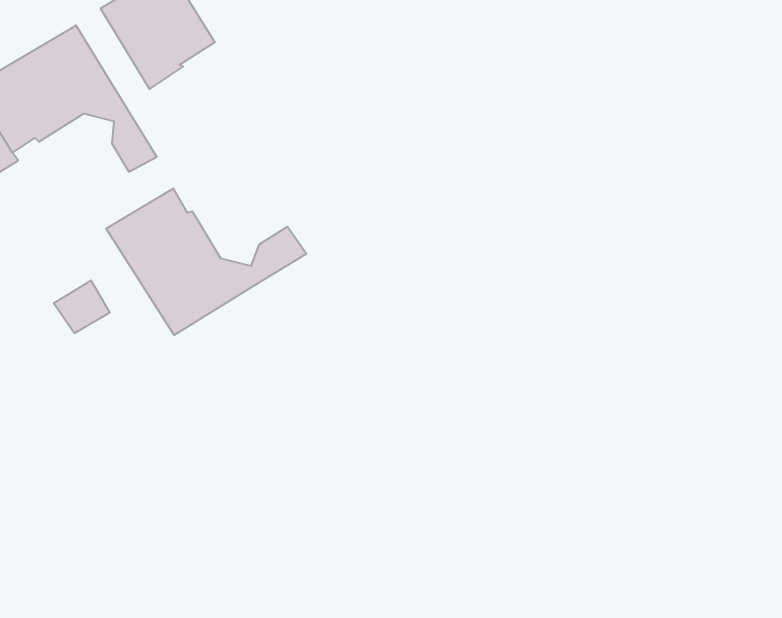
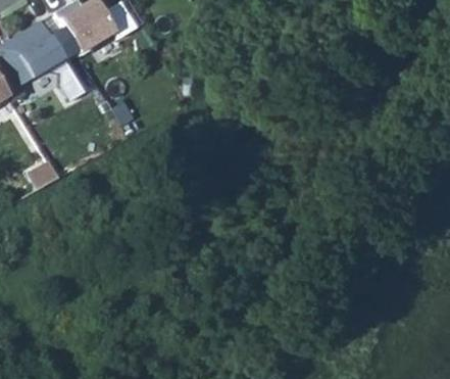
building: [106,188,306,335] -> none

